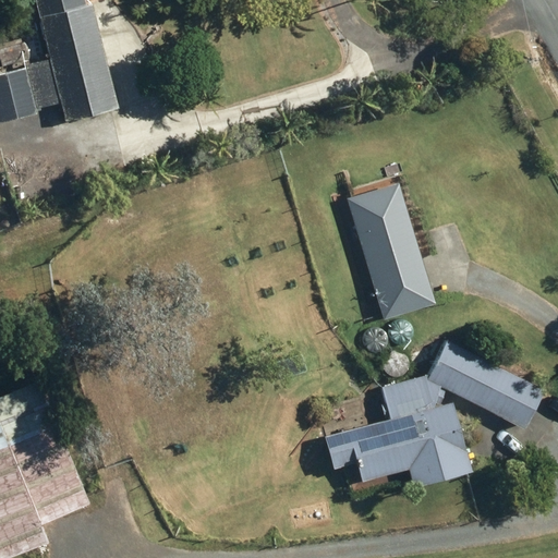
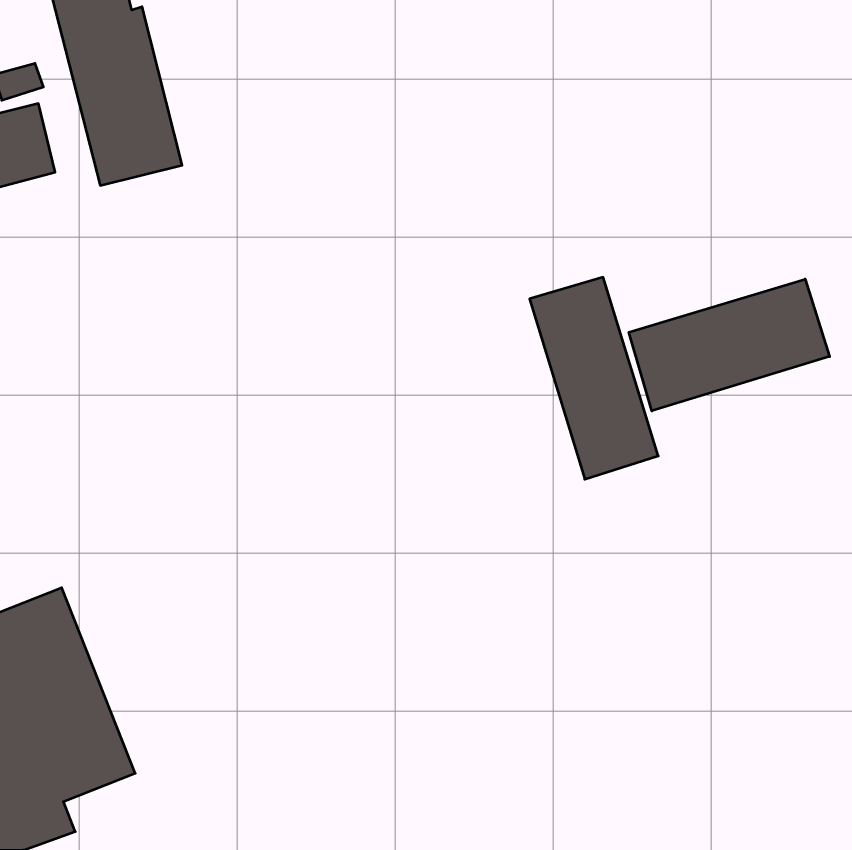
building: none -> [629,279,830,411]
building: [326,341,546,490] -> none

